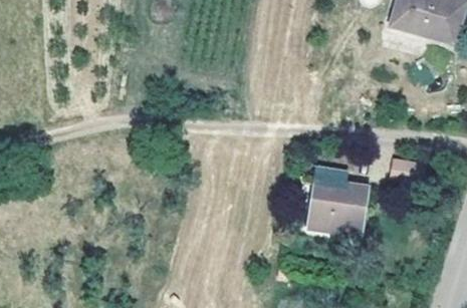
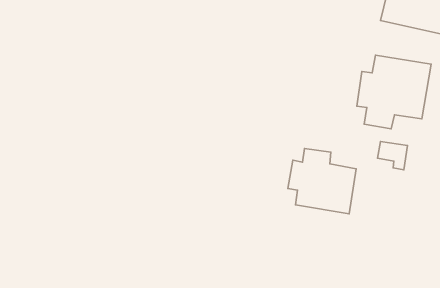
building: none -> [357,55,431,129]

